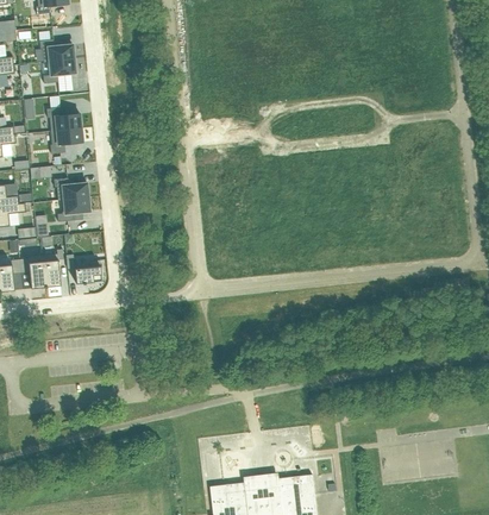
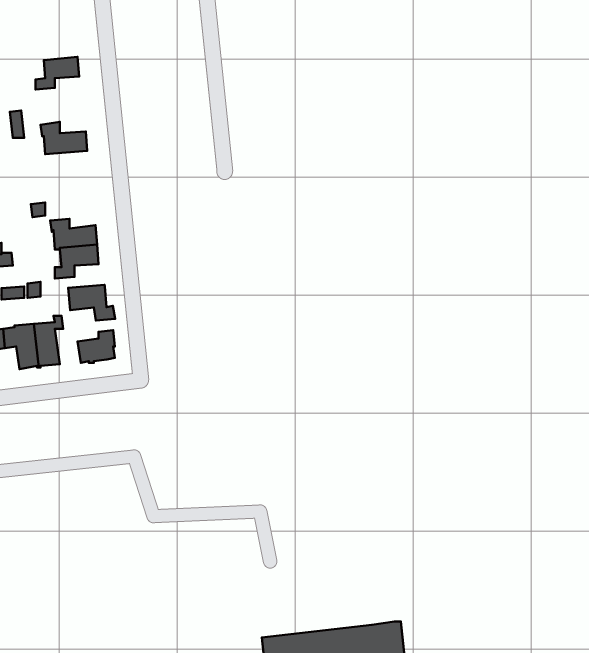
building: [39,39,74,63] -> none
building: [50,128,82,155] -> none
building: none -> [68,285,115,321]

